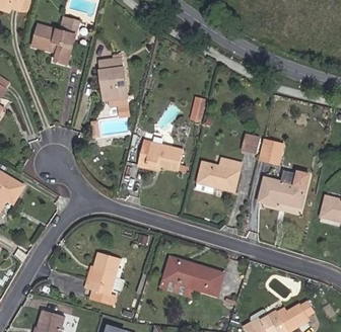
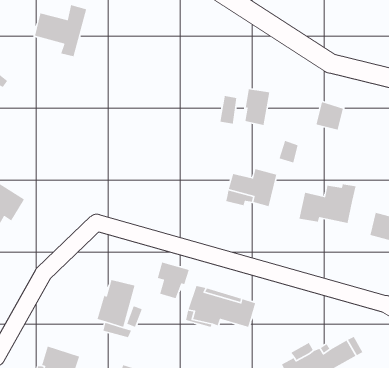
building: [97,57,128,106] -> none
building: none -> [245,88,270,126]
building: [259,139,283,164] -> [316,101,344,131]
building: [138,142,182,169] -> none
building: none -> [157,262,190,299]

